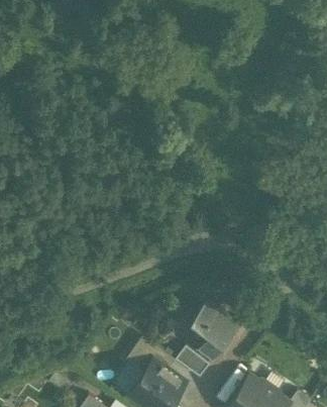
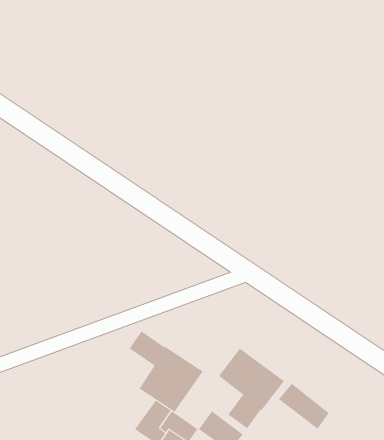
building: none -> [129,331,203,412]
building: none -> [278,383,330,429]

